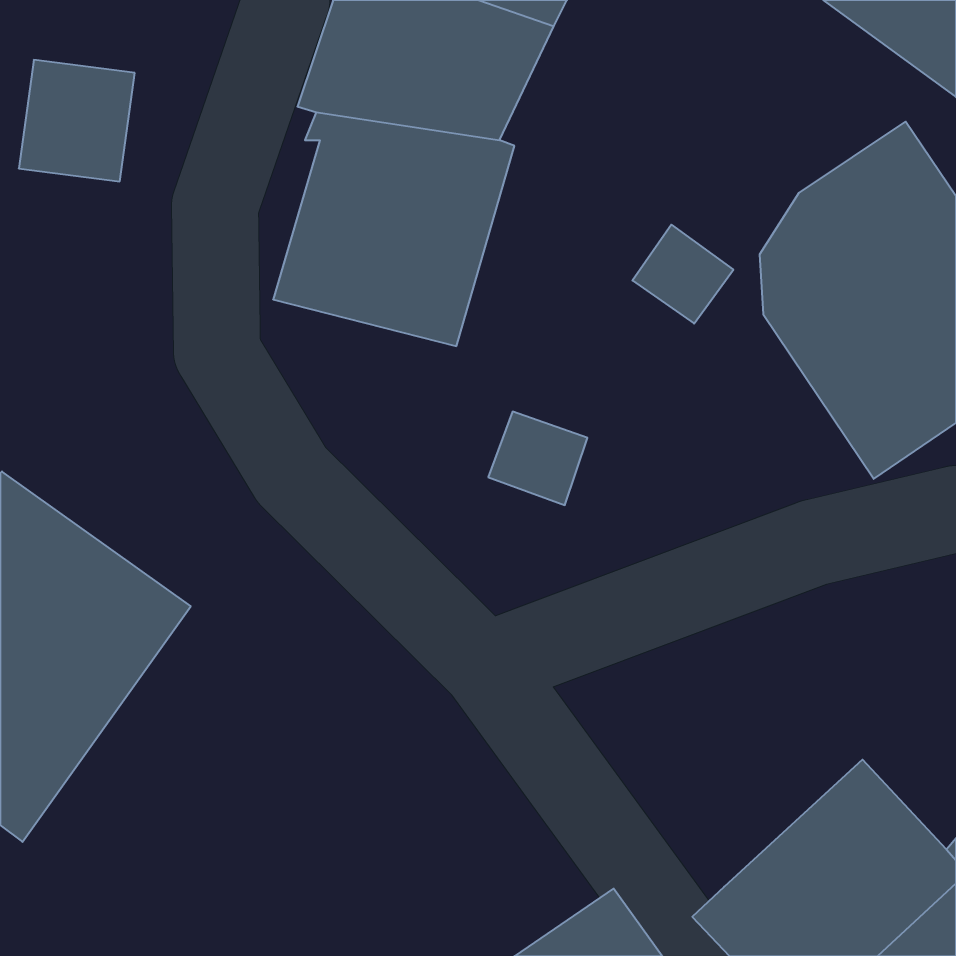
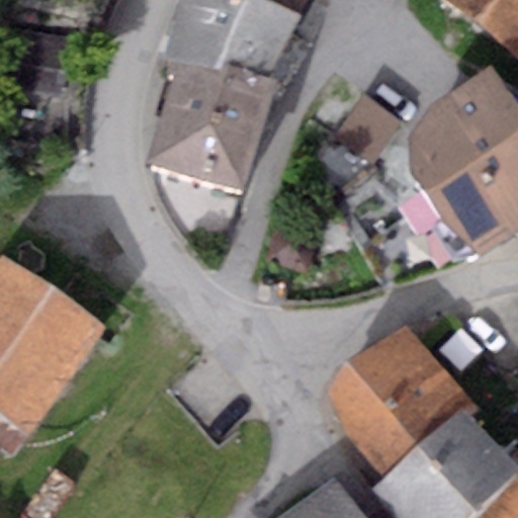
building: none -> [331,326,476,480]

